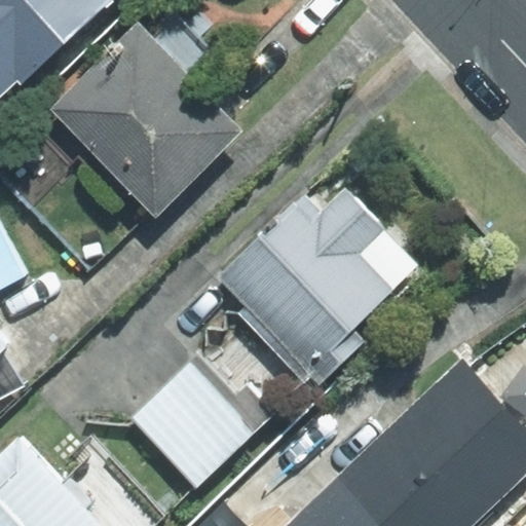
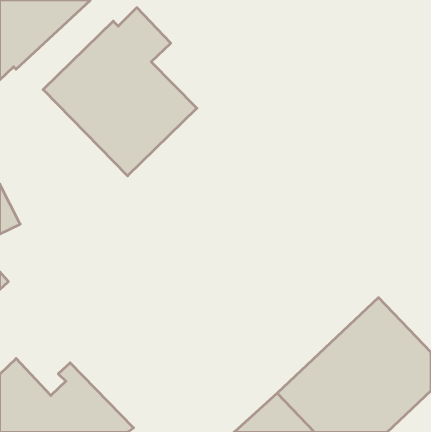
building: [218,187,421,384] -> none
building: [130,355,272,487] -> none

